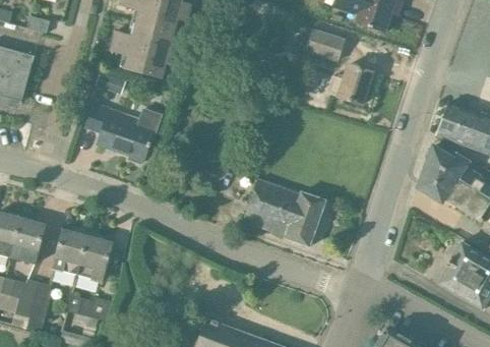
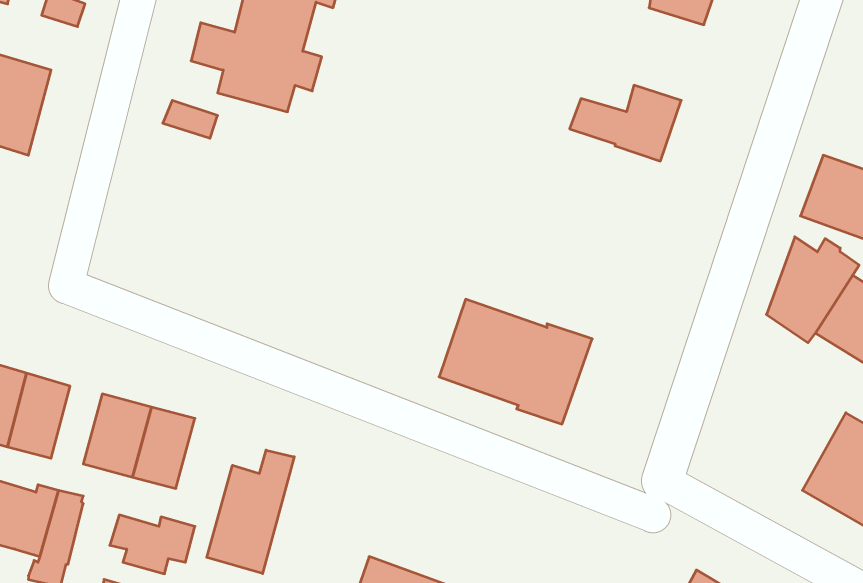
building: [304,27,346,62] -> none
building: [83,102,162,164] -> none
building: none -> [207,450,294,574]

